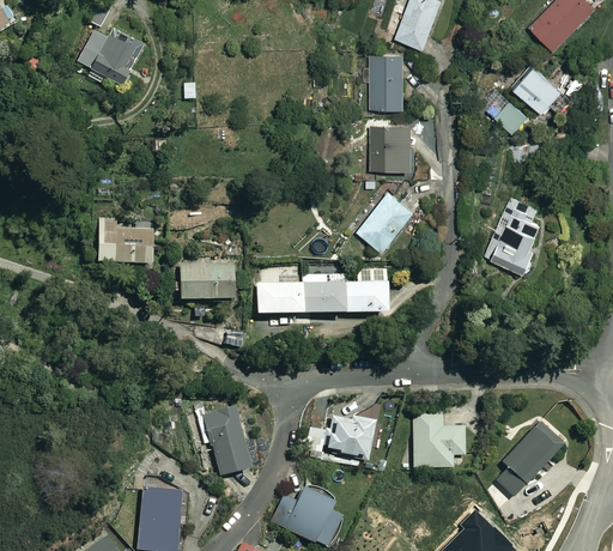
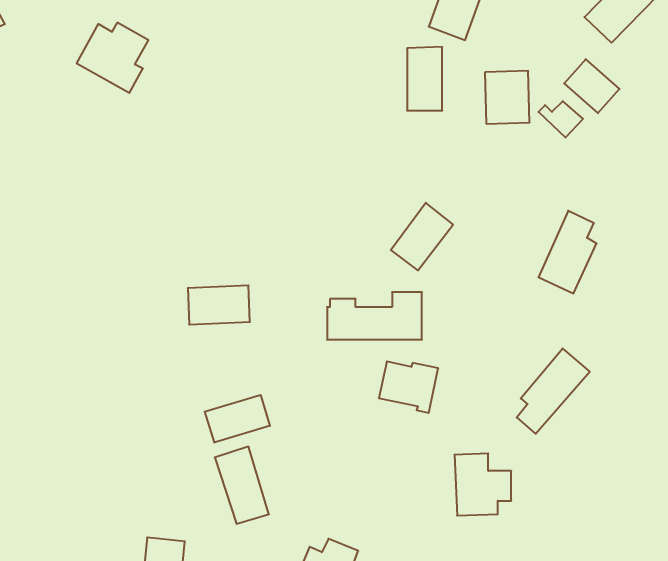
building: [371,122,411,169] -> [485,71,530,124]
building: [98,218,151,262] -> none
building: [257,283,302,313] -> none
building: none -> [205,395,270,443]
building: [323,414,376,460] -> [379,361,438,413]
building: [498,420,563,496] -> [517,348,590,434]

